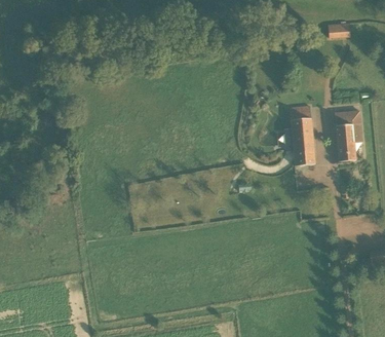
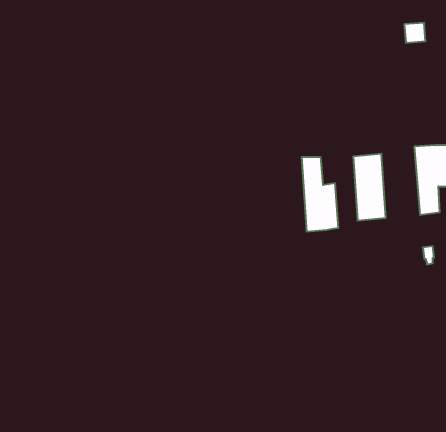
building: none -> [302,157,338,232]

